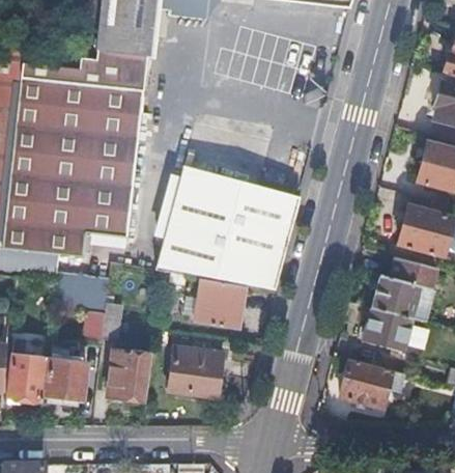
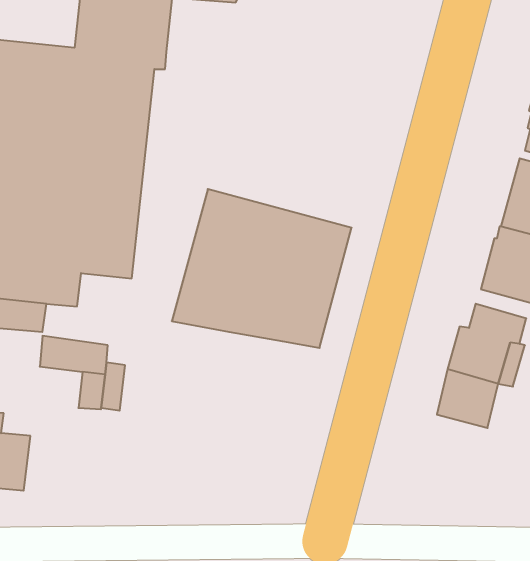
building: [194,277,244,329] -> none
building: [46,340,87,398] -> none
building: [168,346,222,395] -> none
building: [108,349,147,398] -> none
building: [340,358,392,406] -> none

